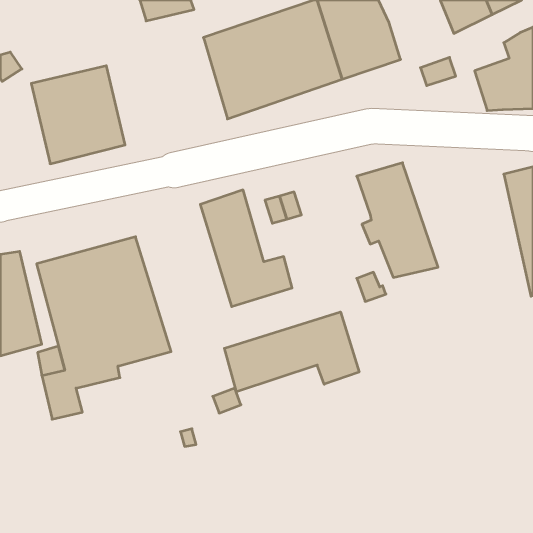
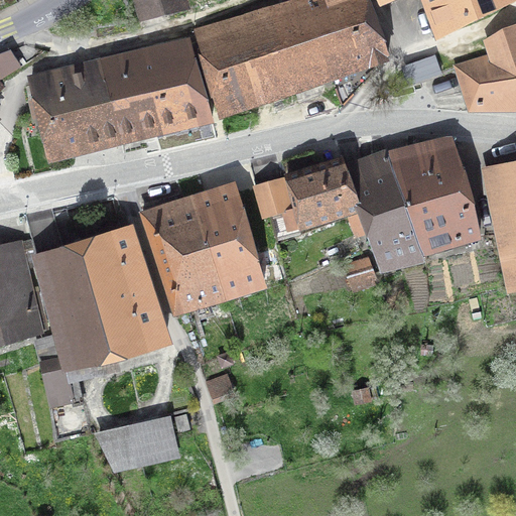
building: none -> [103,43,212,140]
building: none -> [389,140,479,258]
building: none -> [270,154,358,234]
building: none -> [142,198,224,311]
building: [224,312,359,392] -> none
building: none -> [98,424,175,469]

